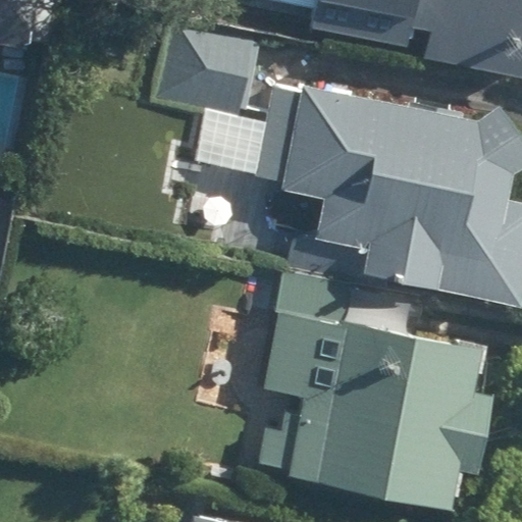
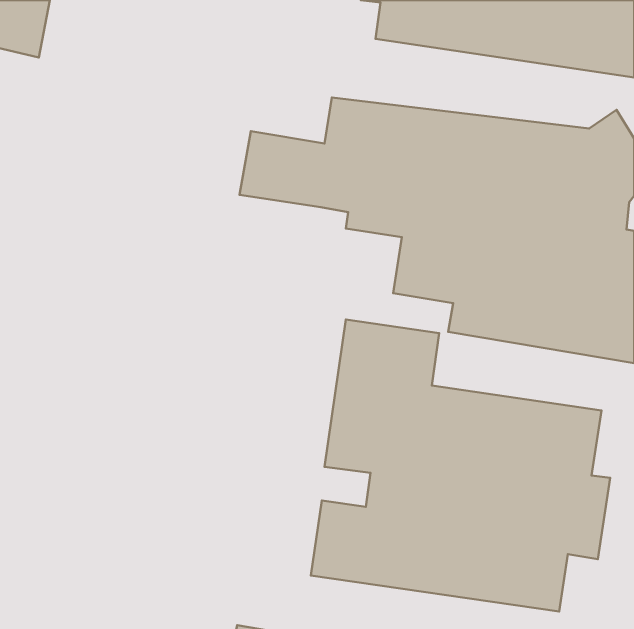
building: [161,23,259,105] -> none

